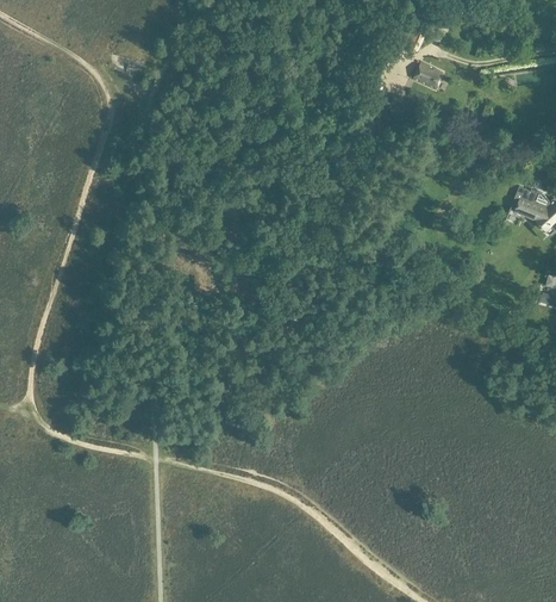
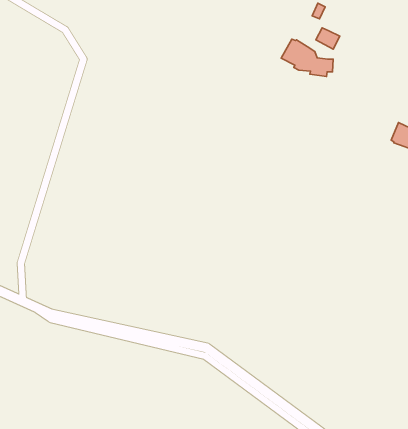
building: none -> [281,39,333,76]

